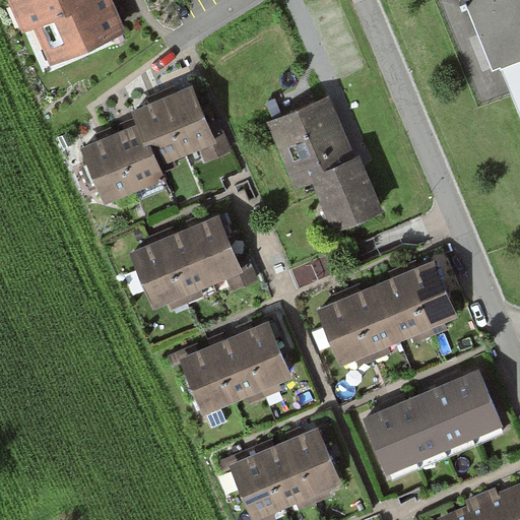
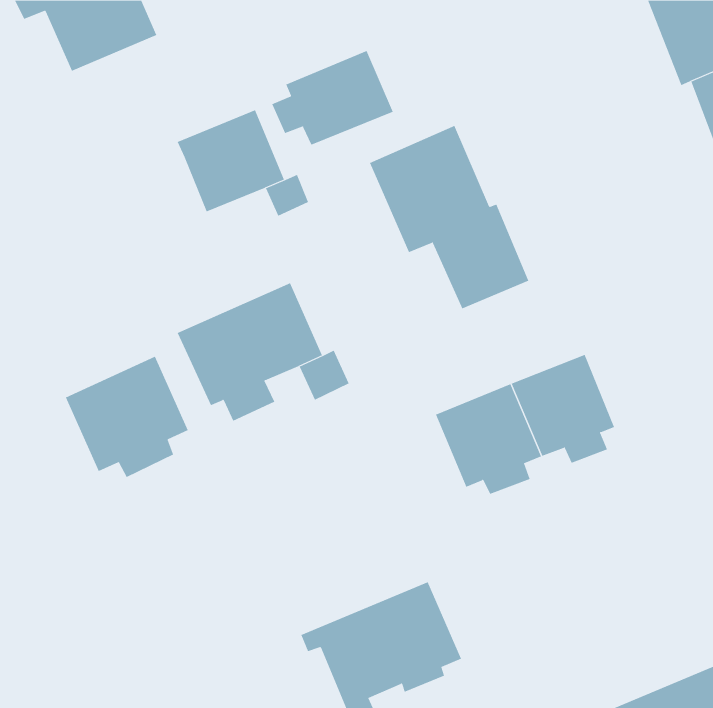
building: none -> [271,50,393,146]
building: [82,121,159,198] -> none
building: none -> [65,356,188,478]
building: [180,324,287,415] -> none
building: [369,380,500,475] -> none

